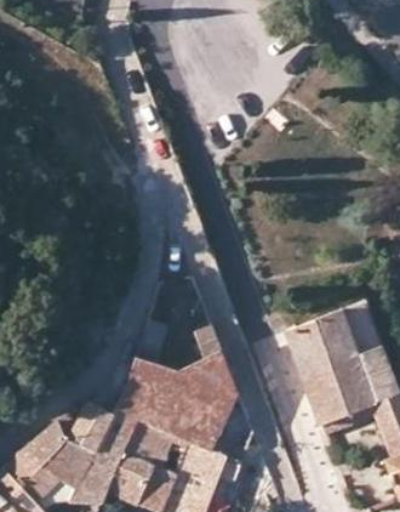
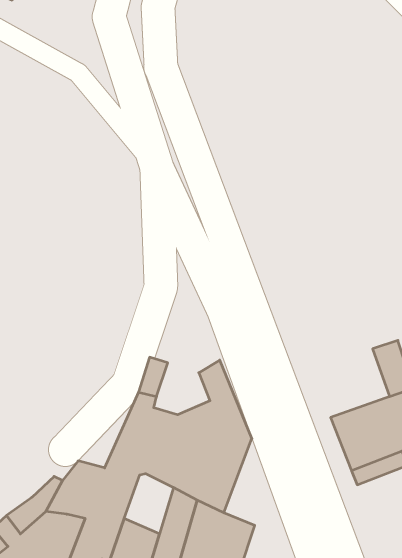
building: [287,312,355,371] -> none
building: [126,420,168,472] -> none

